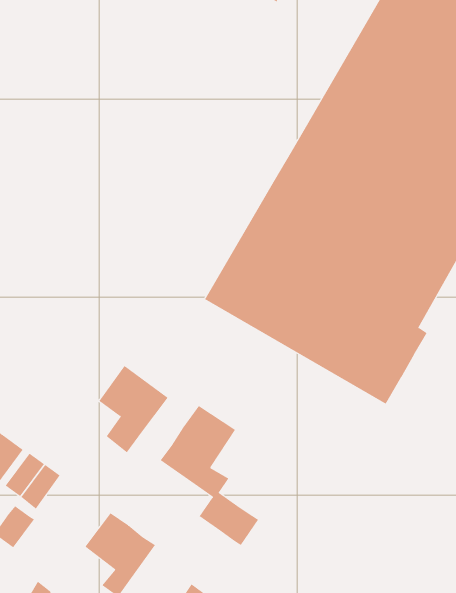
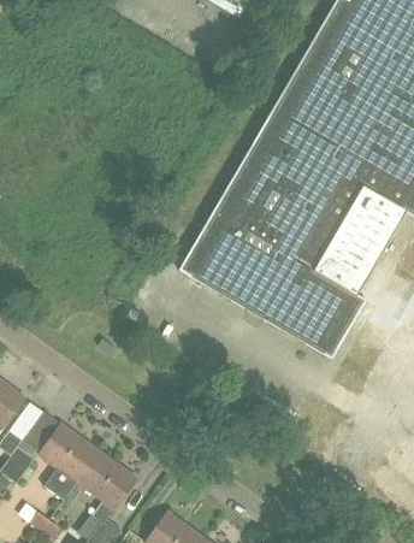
building: [99,365,168,453] -> [39,424,97,498]
building: [160,405,259,546] -> none

